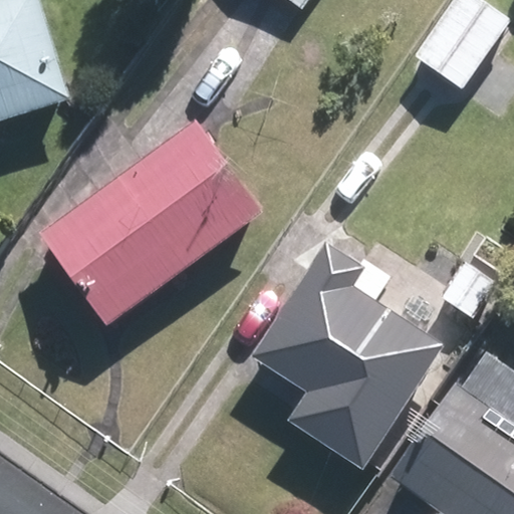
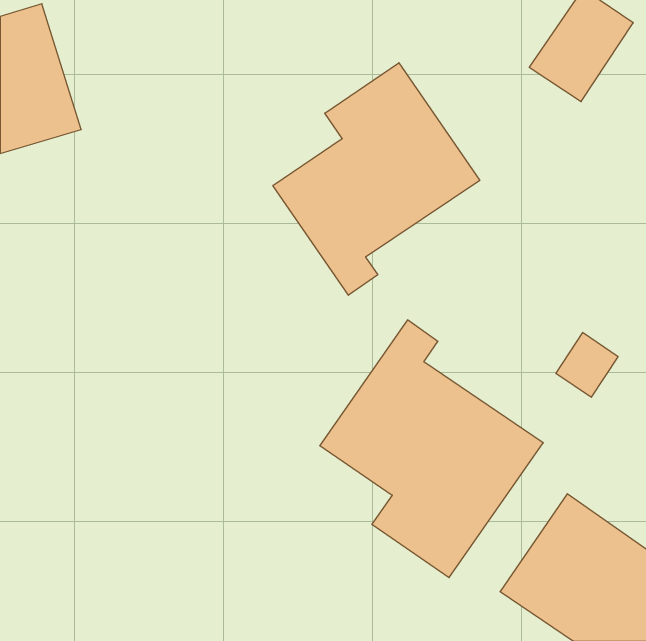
building: none -> [273,63,480,295]
building: [49,133,251,311] -> none

